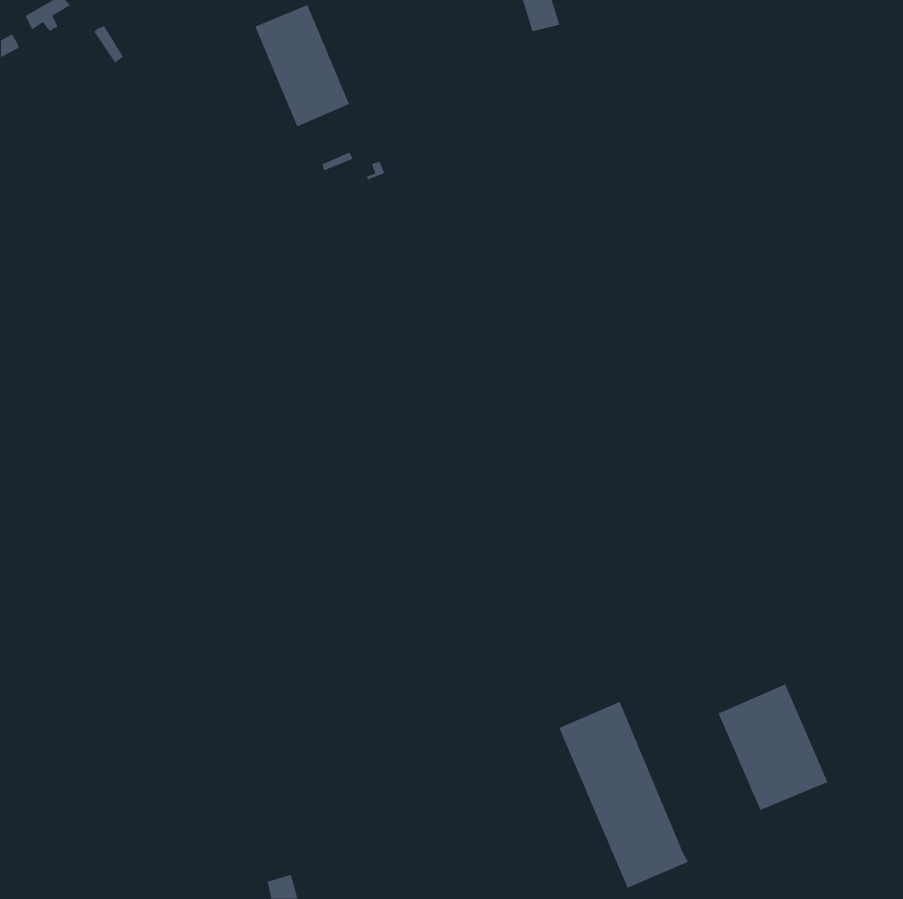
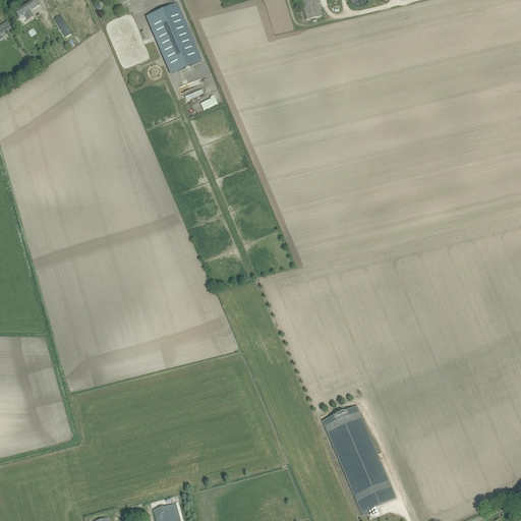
building: [718,684,828,811] -> none

